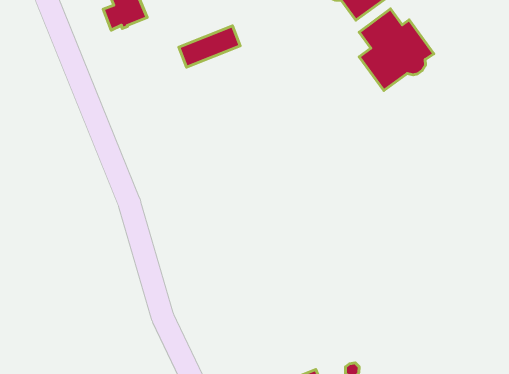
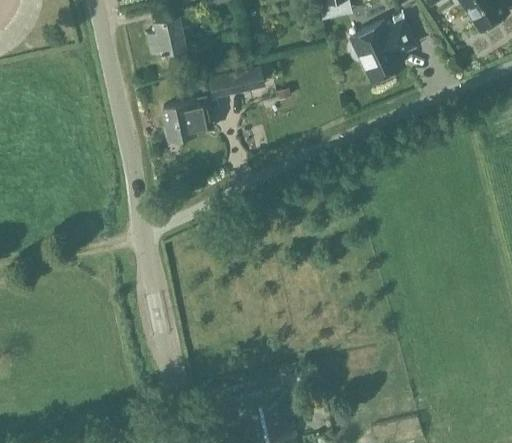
building: [359,9,434,91] -> none
building: none -> [162,99,211,139]

